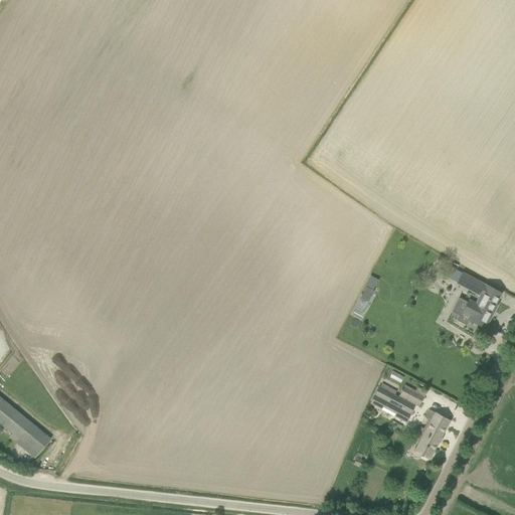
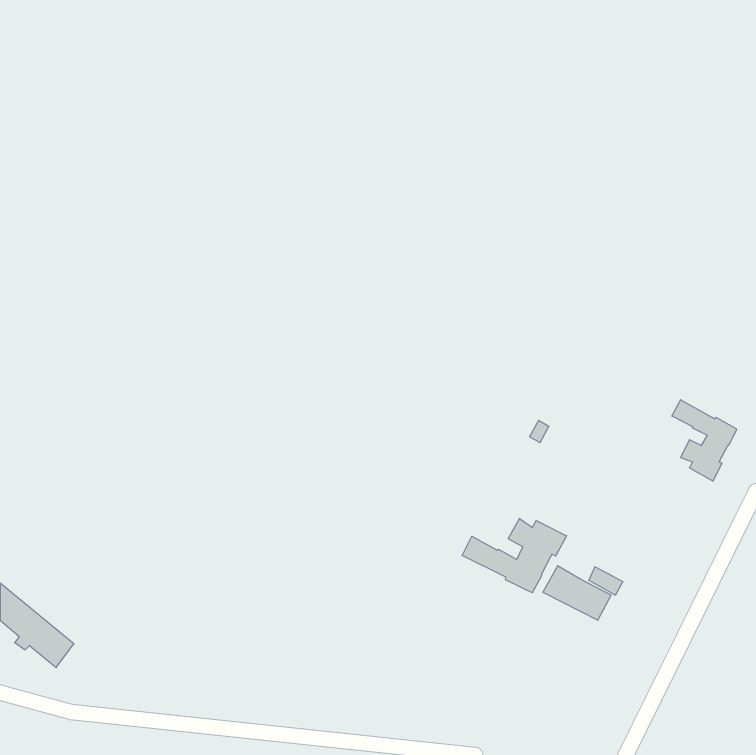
building: none -> [462,518,567,593]
building: [414,408,450,458] -> none

